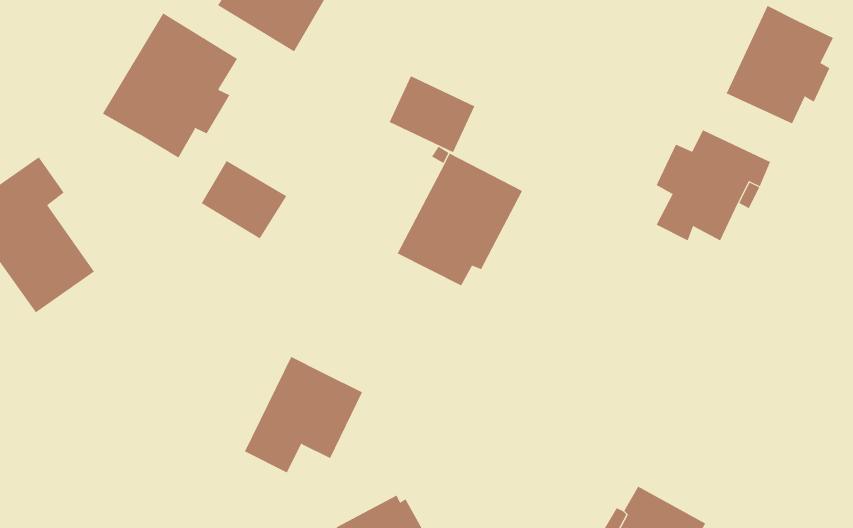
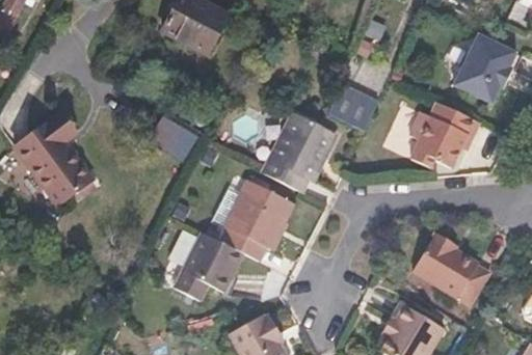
building: [102,13,238,158] -> none
building: [389,76,475,153] -> [327,87,377,132]
building: none -> [221,178,296,260]
building: none -> [410,234,487,305]

